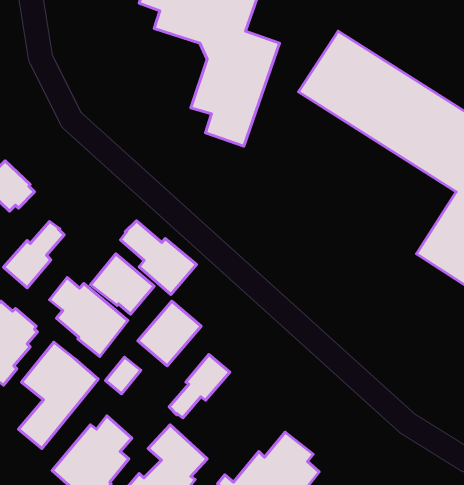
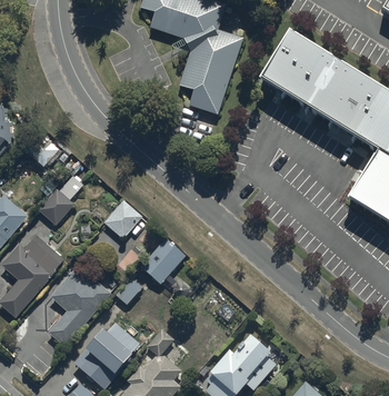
building: [121,221,196,295] -> none
building: [49,277,128,356] -> none
building: [169,354,230,418] -> none

